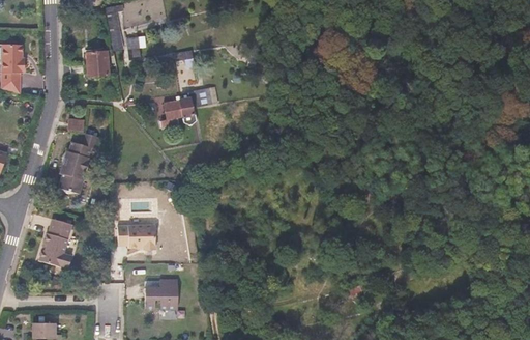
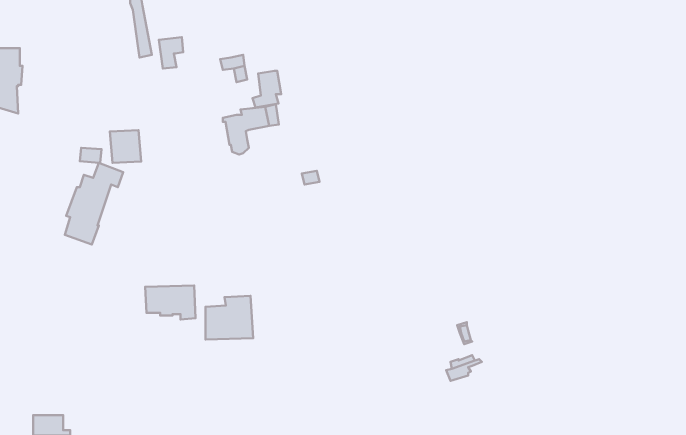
building: [85,51,109,76] -> [110,130,141,163]
building: [159,100,181,128] -> [253,71,281,108]
building: [39,218,72,268] -> none
building: [145,278,181,311] -> [205,296,253,339]

